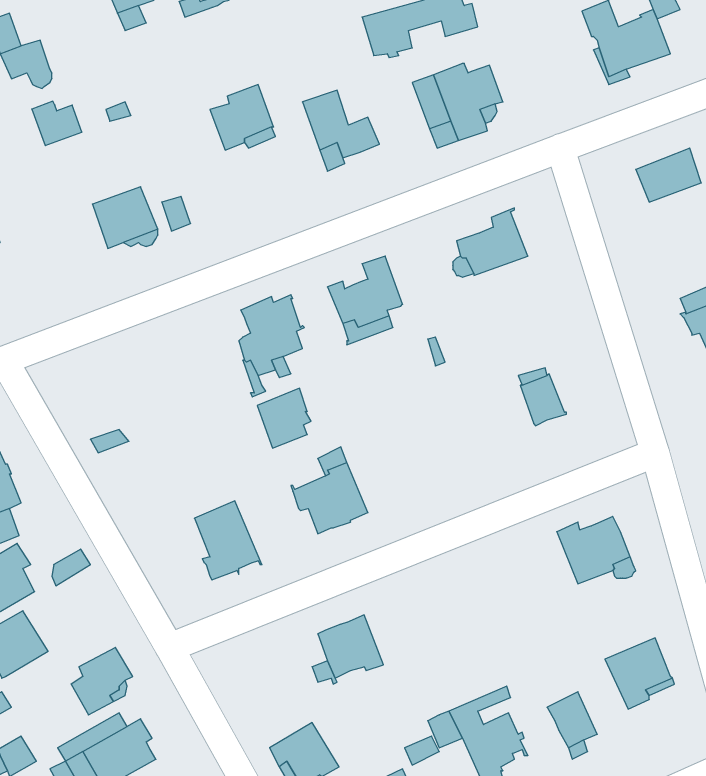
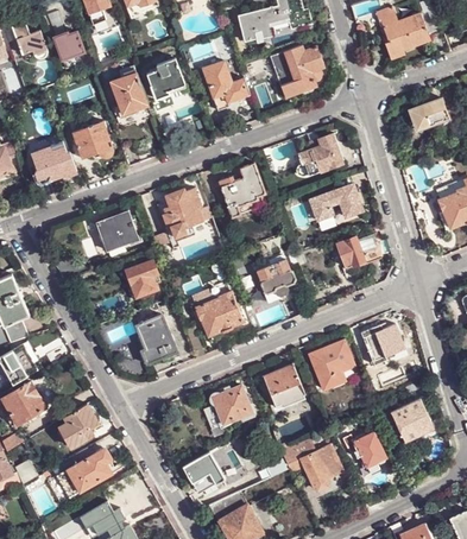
building: [32,101,82,146] -> [53,32,84,59]
building: none -> [111,74,147,115]
building: none -> [33,141,76,184]
building: none -> [309,184,361,220]
building: none -> [96,213,138,252]
building: [257,388,311,448] -> [126,260,159,297]
building: none -> [255,260,295,302]
building: none -> [309,341,353,391]
building: none -> [260,362,304,407]

